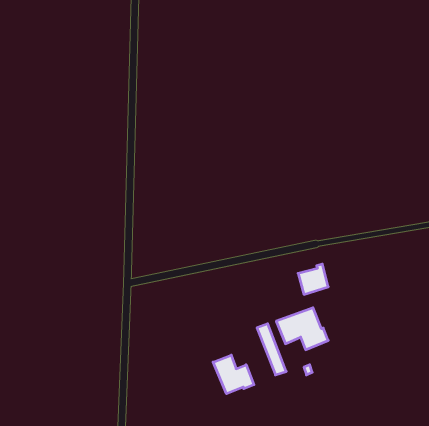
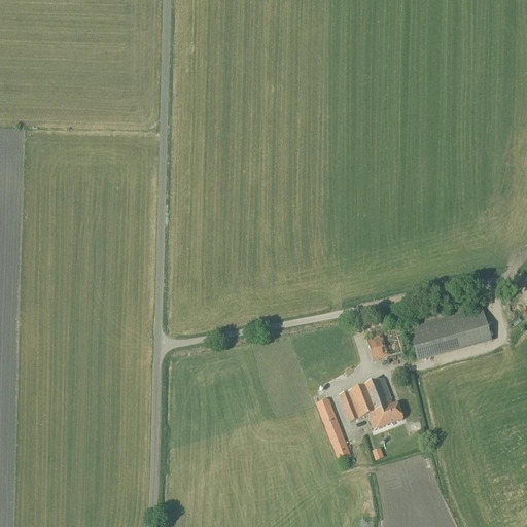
building: none -> [409,308,490,358]
building: [213,355,254,394] -> none

